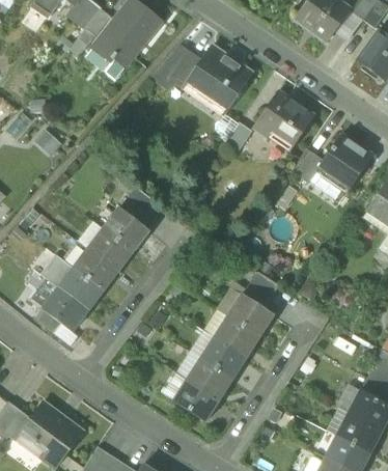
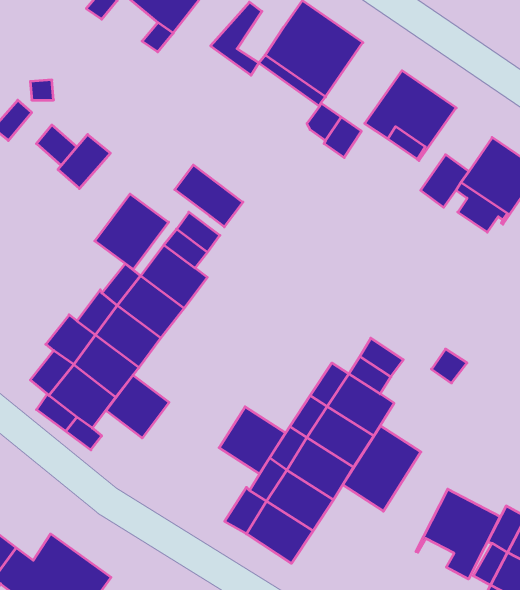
building: [169,52,200,86] -> none
building: none -> [58,134,110,189]
building: none -> [175,165,243,227]
building: none -> [95,194,169,269]
building: none -> [106,375,169,438]
building: none -> [219,407,285,474]
building: none -> [343,426,421,511]
building: none -> [416,489,500,579]

